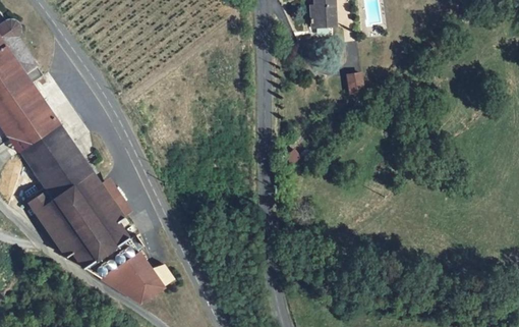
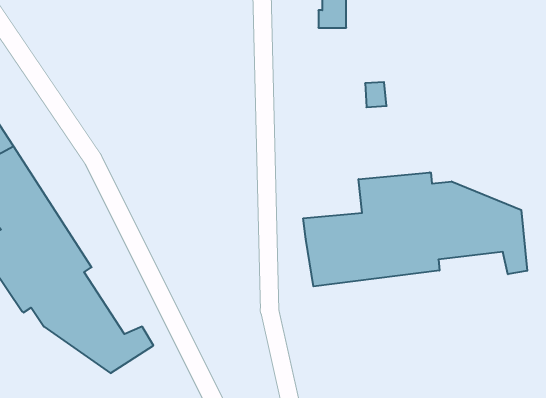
building: none -> [303,172,527,286]

